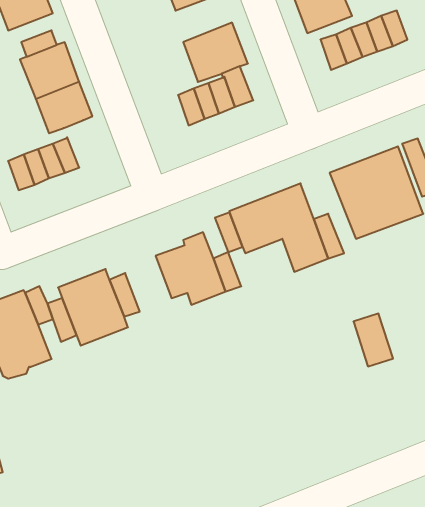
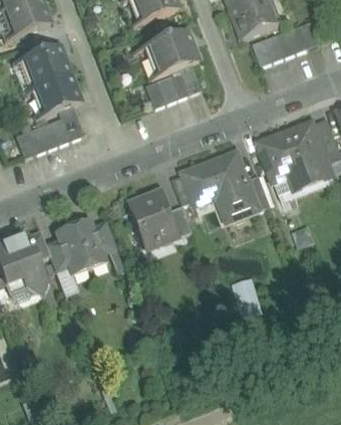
building: none -> [56,103,82,140]
building: [353,314,393,366] -> [231,274,261,314]

